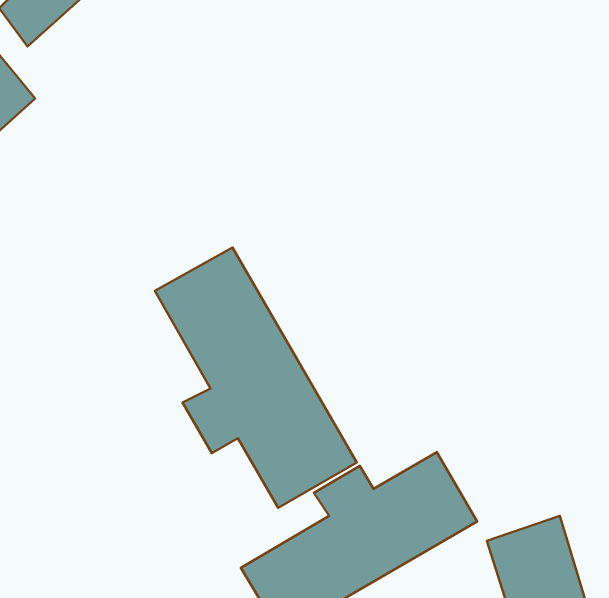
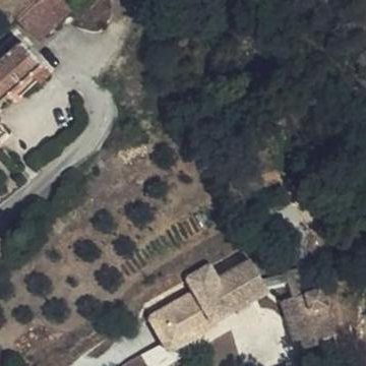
building: [155,247,357,508] -> none

